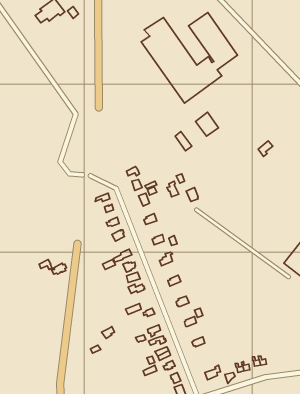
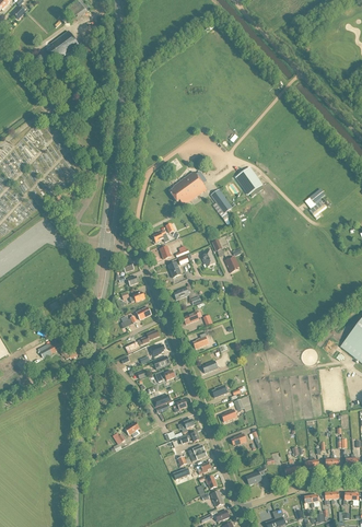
building: [141,12,238,103] -> none
building: none -> [168,172,206,206]

